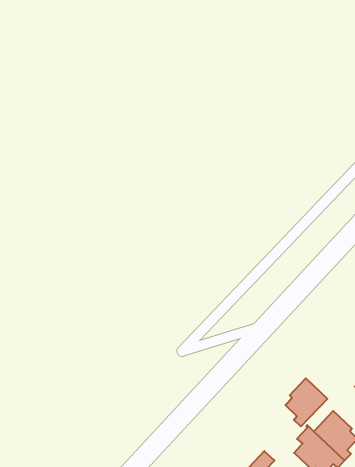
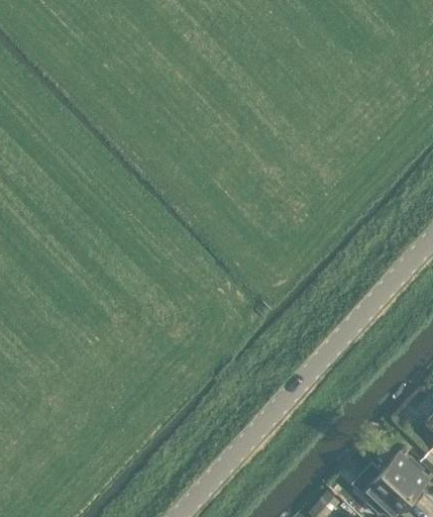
building: [285,378,327,426] -> none

